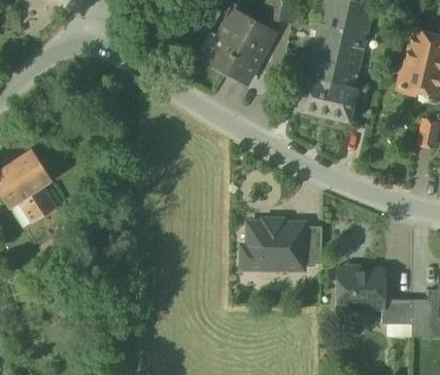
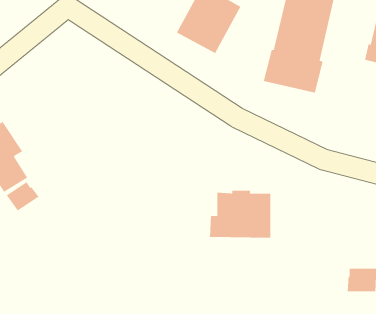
building: none -> [6,181,40,212]
building: [304,227,323,264] -> none
building: [338,267,383,308] -> none

